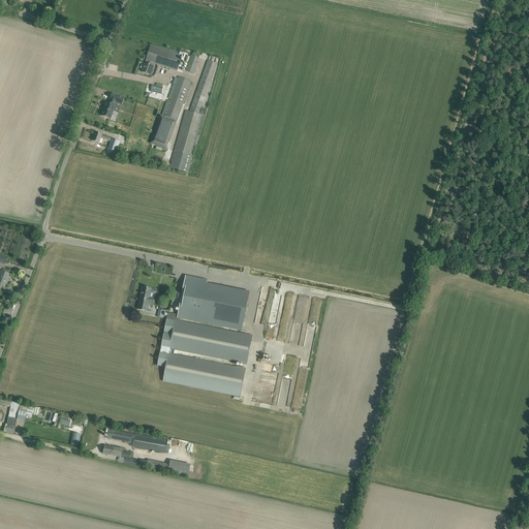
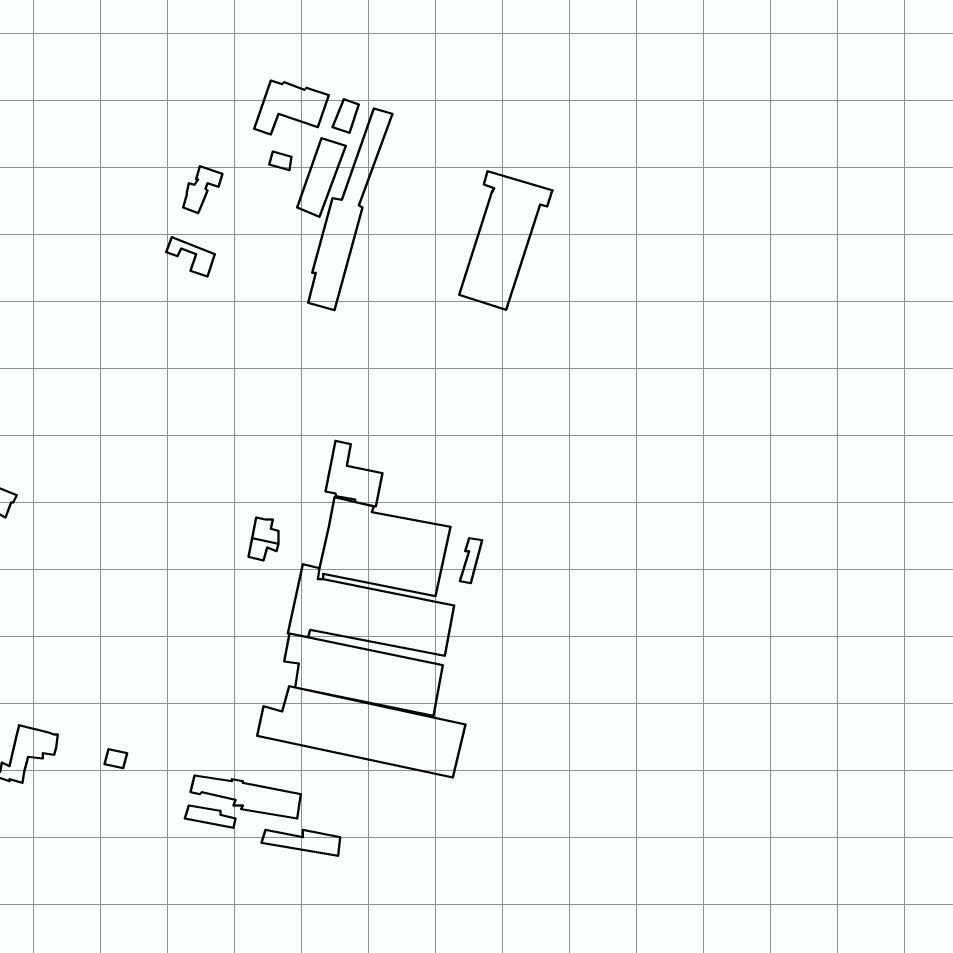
building: none -> [459,171,553,310]
building: [150,115,176,148] -> none
building: none -> [325,441,382,506]
building: none -> [257,686,465,777]

